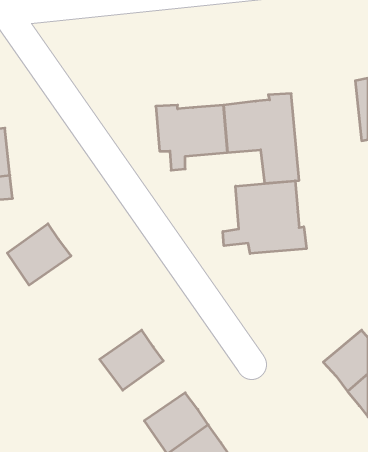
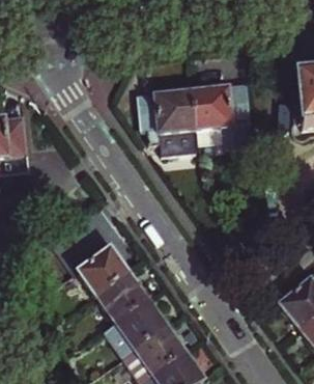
building: [223,181,306,254] -> none
building: [7,224,71,285] -> [78,248,130,298]
building: none -> [114,299,165,348]

